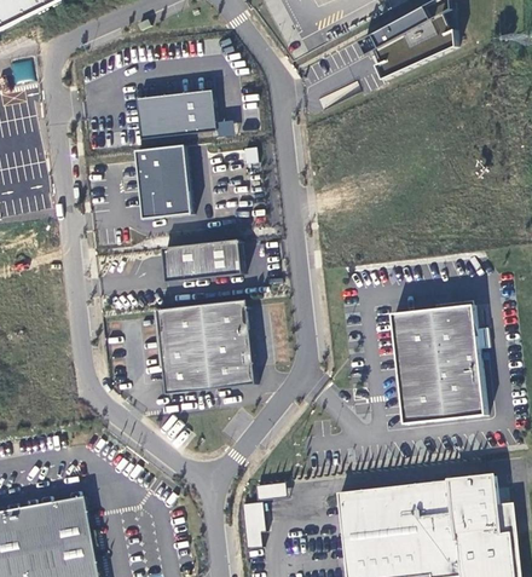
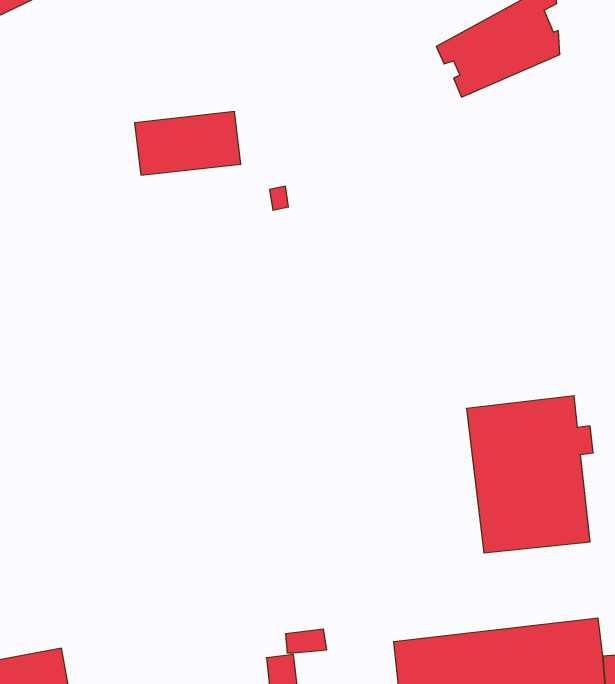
building: [132,142,187,214] -> none
building: [163,238,244,282] -> none
building: [157,299,256,393] -> none

